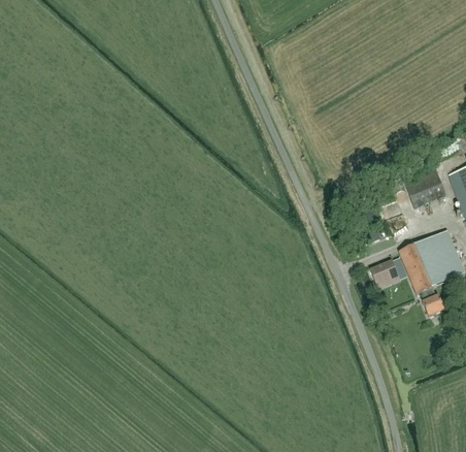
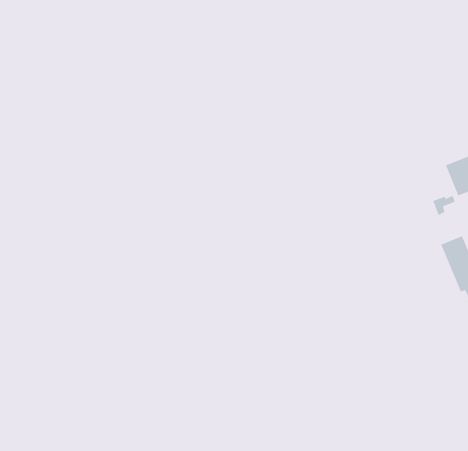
building: [370,258,398,283] -> none

